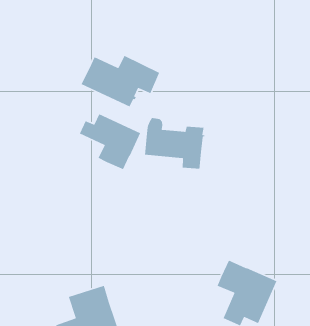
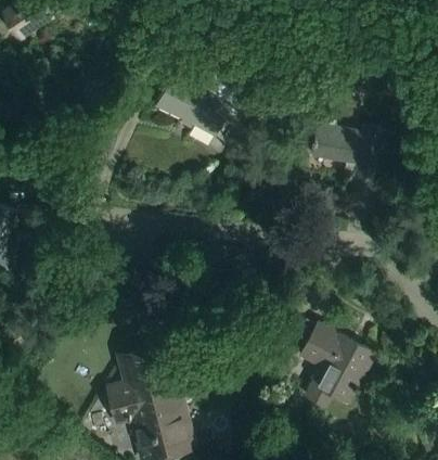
building: [79,113,141,170] -> none
building: [144,117,205,169] -> [310,115,384,181]

